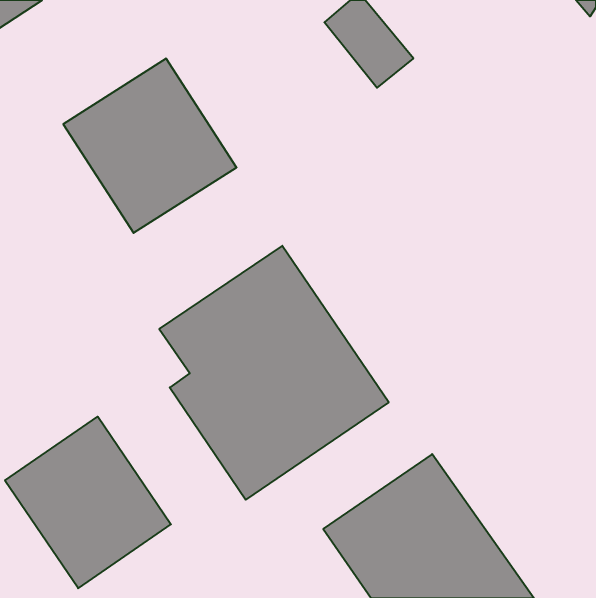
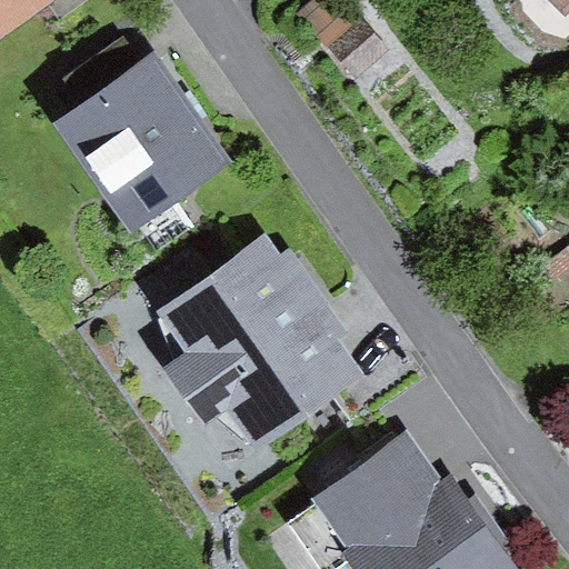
building: [5,417,171,588] -> none

